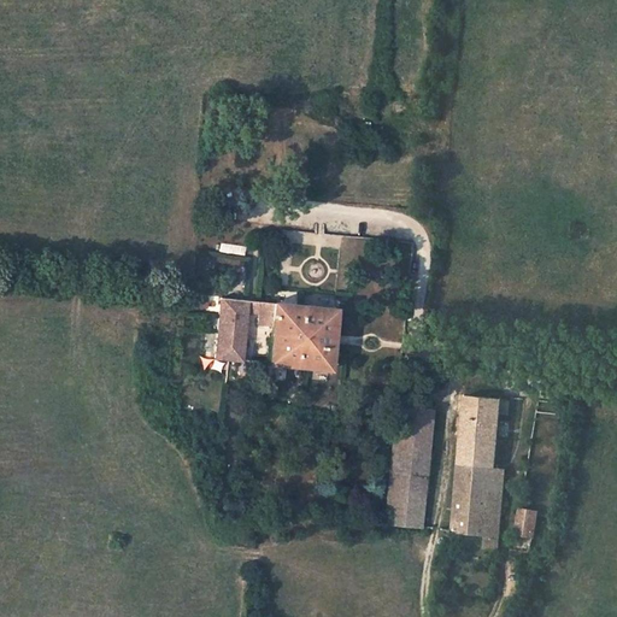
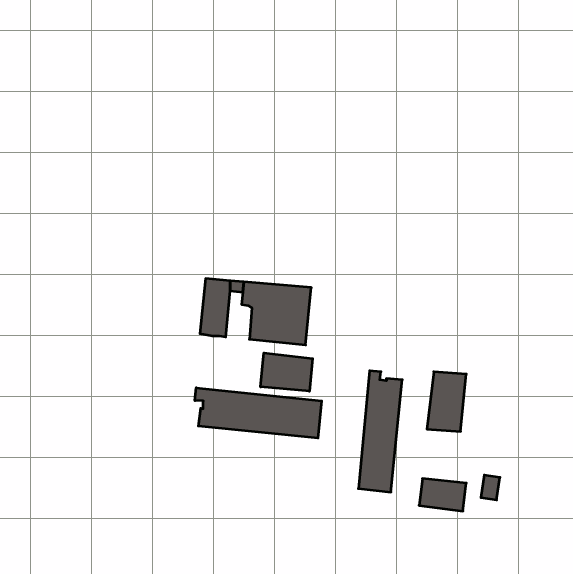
building: none -> [261,353,313,391]
building: none -> [195,388,322,438]
building: [454,460,507,518] -> none

